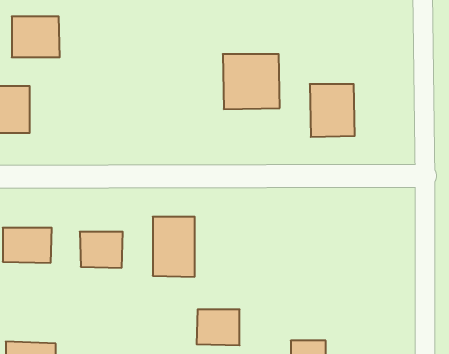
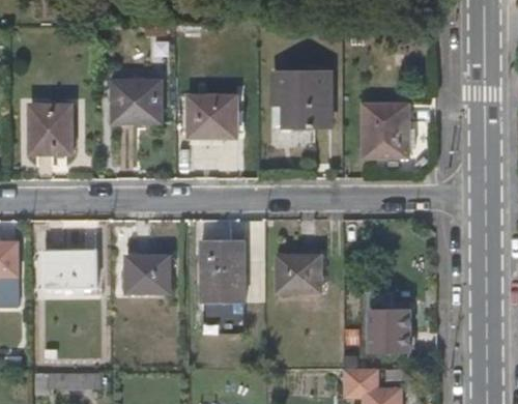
building: [12,16,60,57] -> [112,80,162,122]
building: none -> [186,93,237,138]
building: none -> [369,292,411,353]
building: [197,309,240,345] -> [277,255,321,292]

